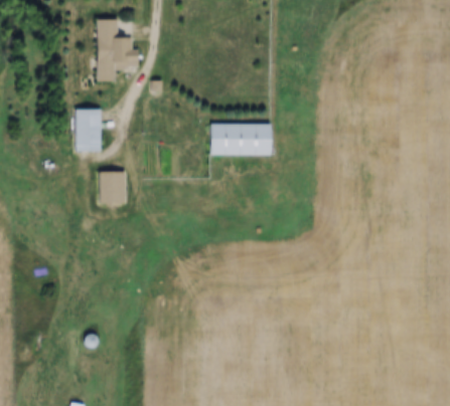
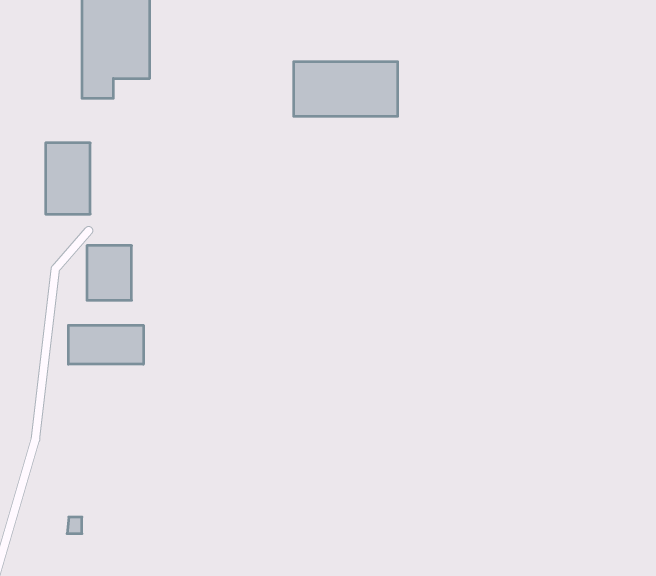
building: [209,123,273,156] -> [294,62,398,116]
building: none -> [68,325,143,364]

